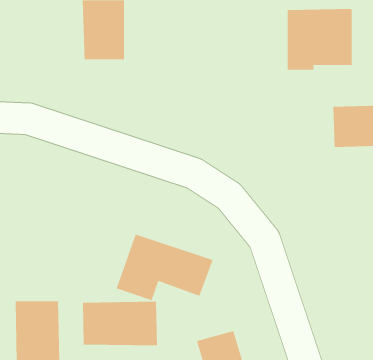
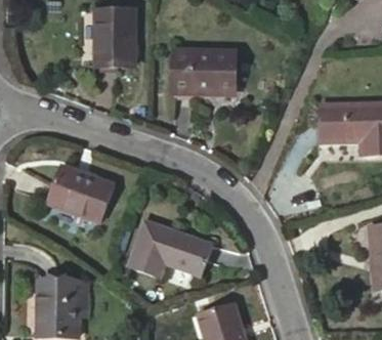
building: [287,9,353,70] -> [174,37,234,92]
building: none -> [46,164,113,220]
building: [82,301,157,346] -> none

